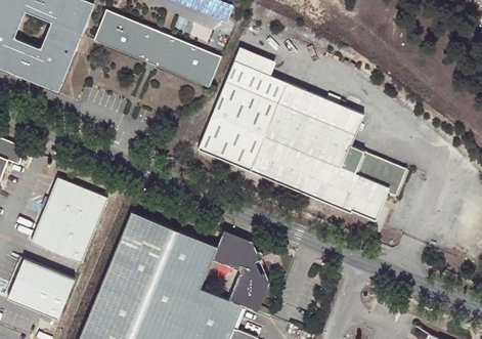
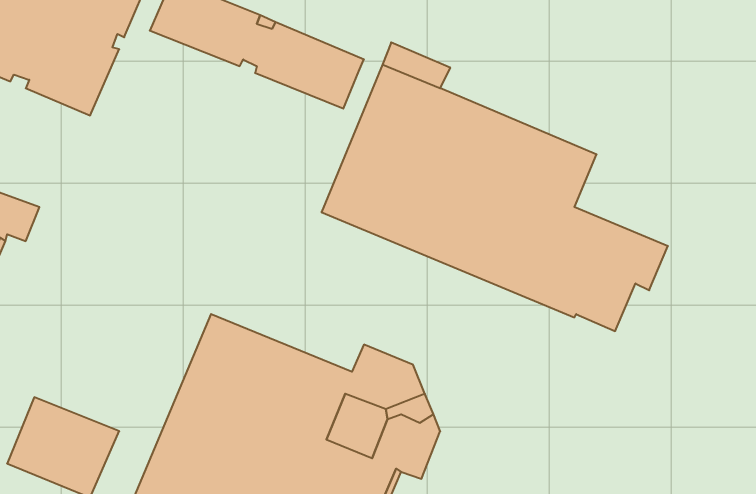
building: [31,180,108,265] -> none

